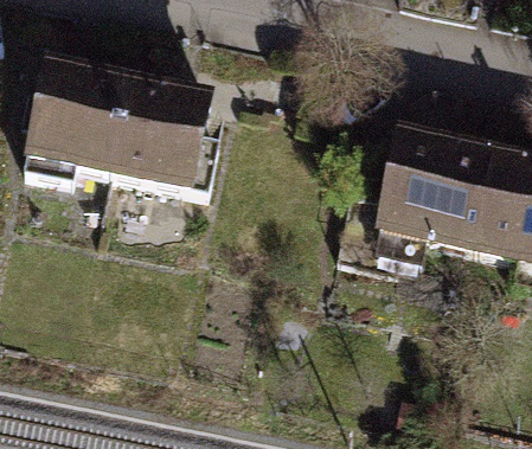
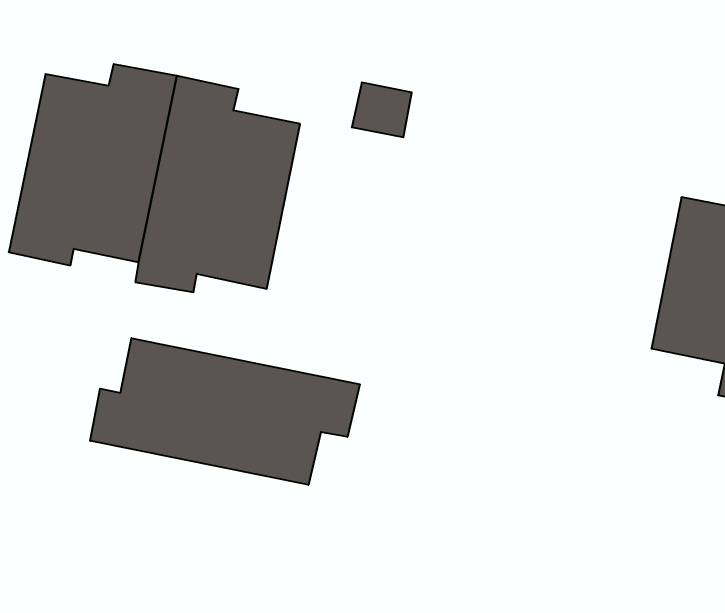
building: [368,124,492,263] -> none
building: none -> [90,338,360,485]

